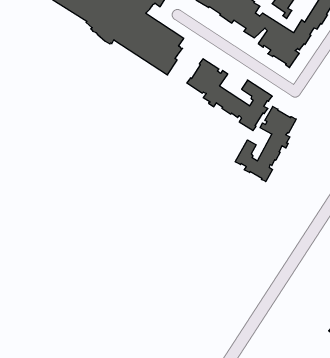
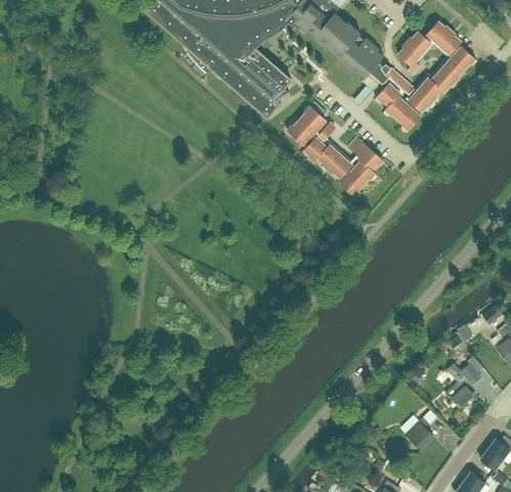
building: [235,106,296,182] -> none

